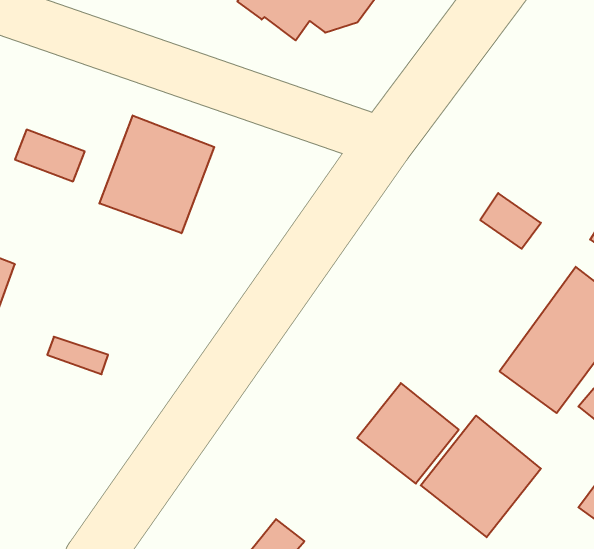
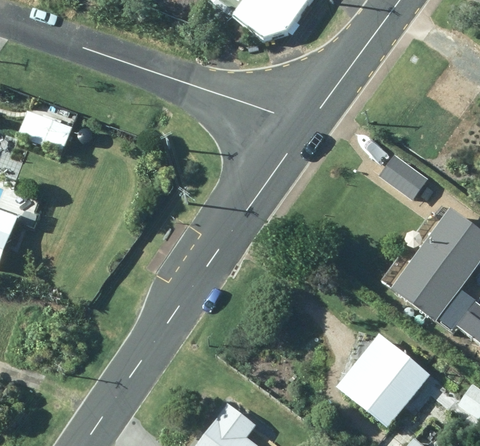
building: [99,115,214,233] -> none
building: [357,383,459,484] -> none

